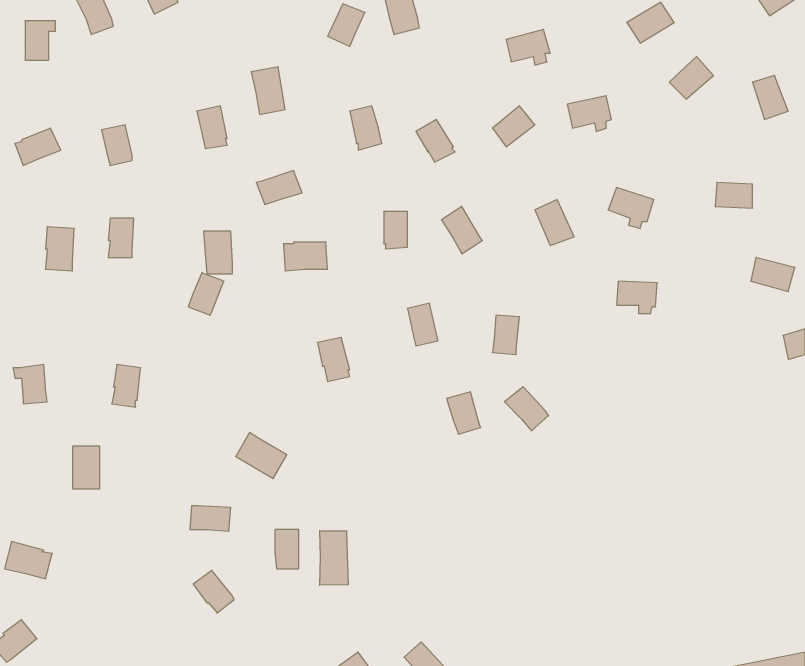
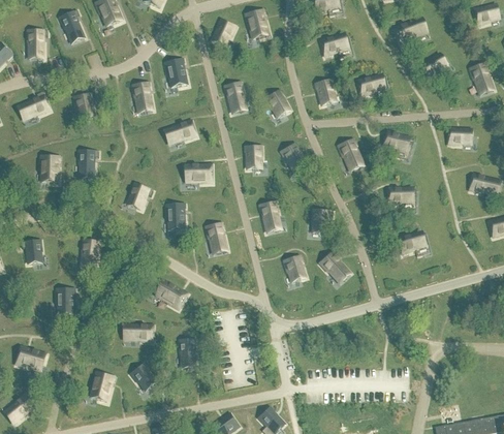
building: [204,231,232,274] -> [166,205,184,230]
building: none -> [398,235,424,255]
building: [320,531,348,585] -> none
building: none -> [90,372,113,402]

